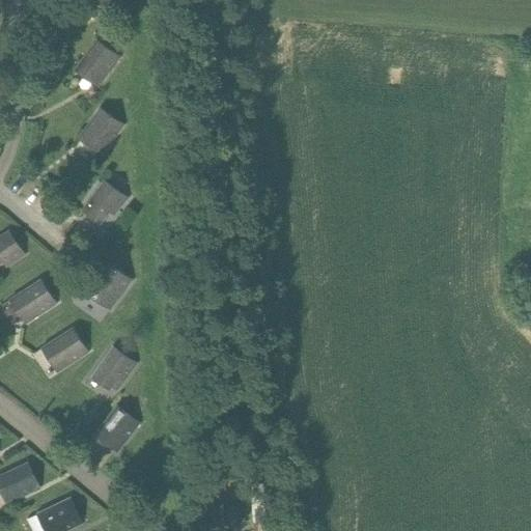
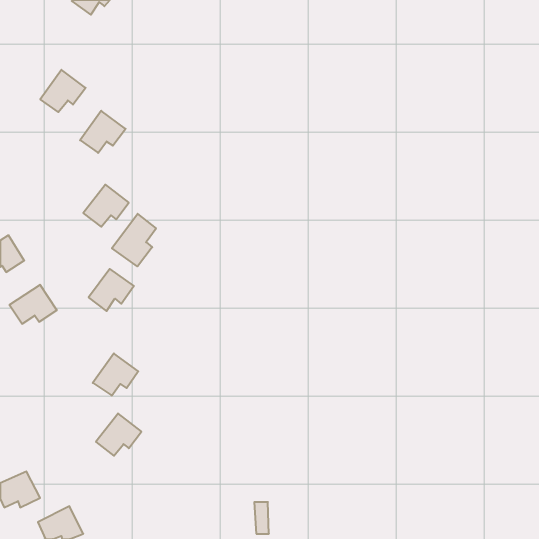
building: [75,40,119,82] -> [40,70,86,112]
building: none -> [112,214,156,266]
building: [41,329,87,366] -> none

